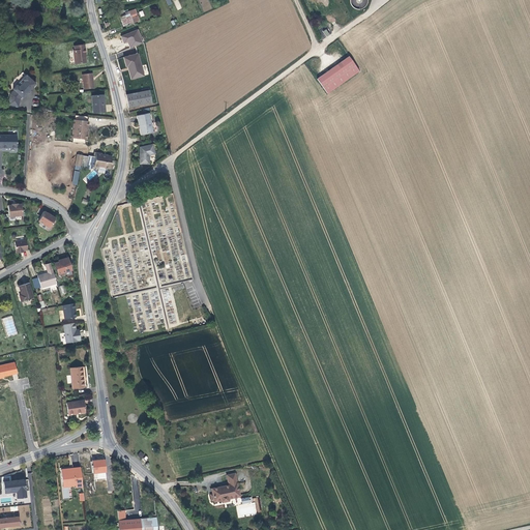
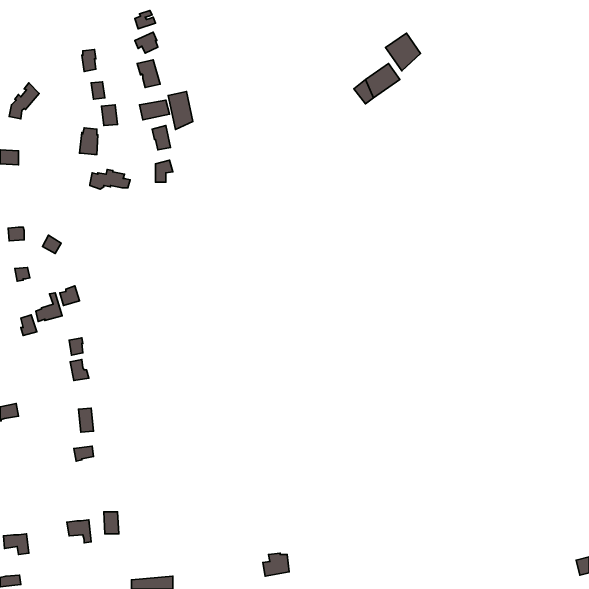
building: none -> [385,33,421,71]
building: none -> [168,92,193,130]
building: [211,473,240,502] -> none

